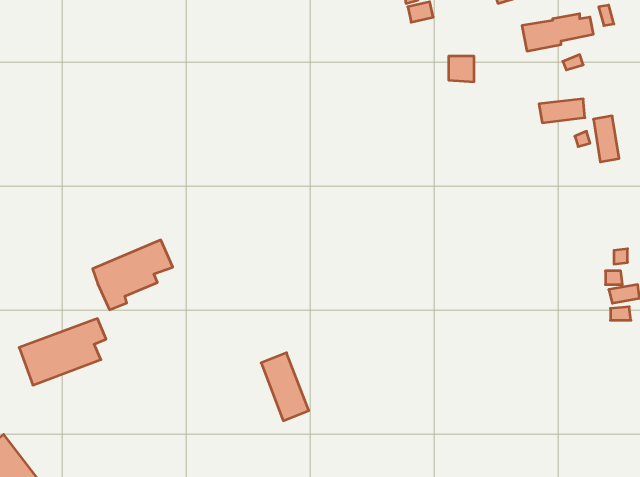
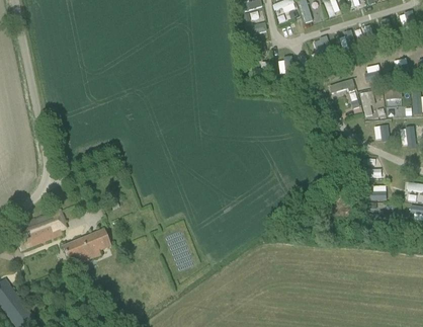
building: [93,240,173,310] -> [69,229,116,270]

